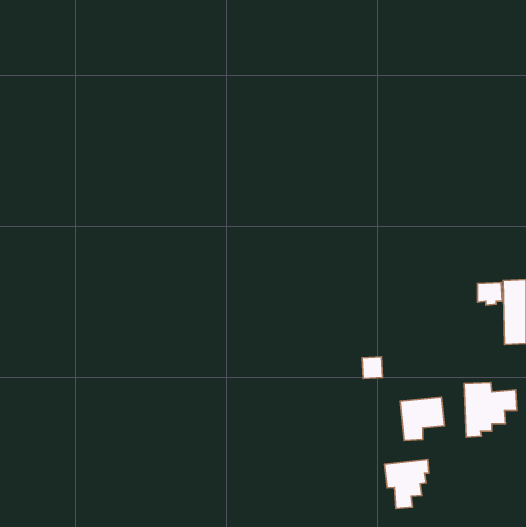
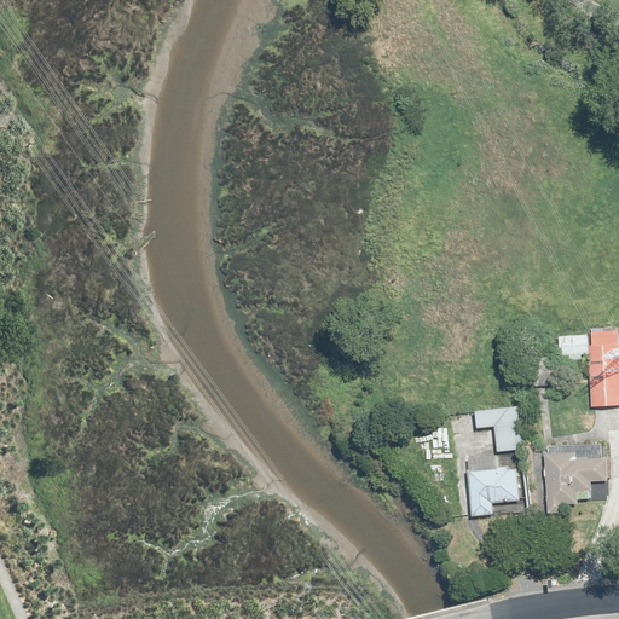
building: none -> [473,405,523,451]
building: [385,460,429,509] -> none

